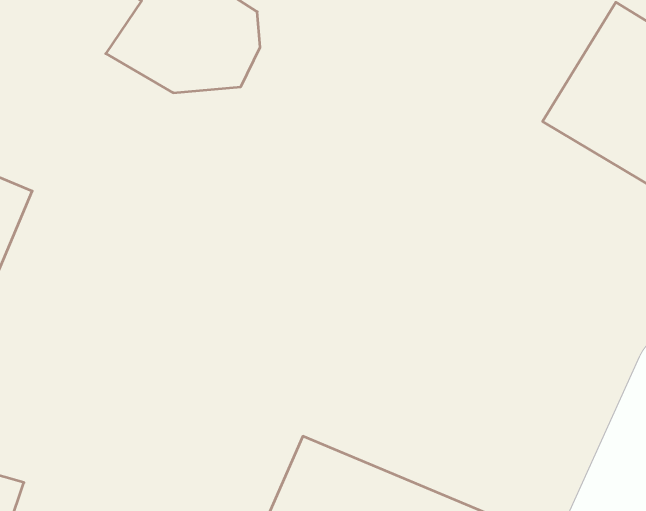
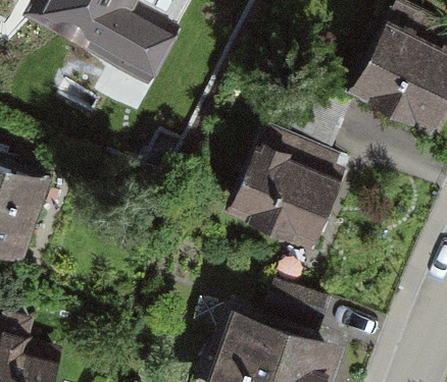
building: none -> [227,144,345,250]

